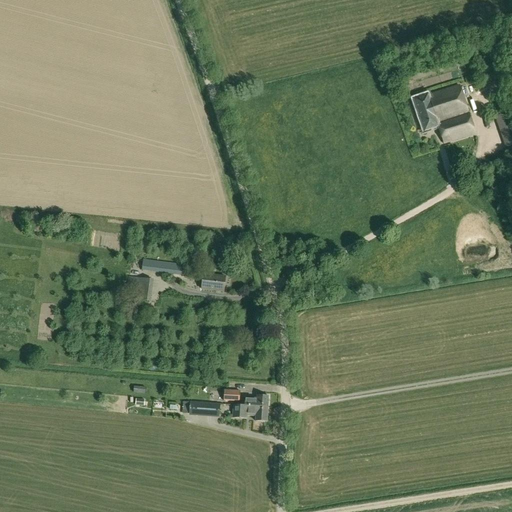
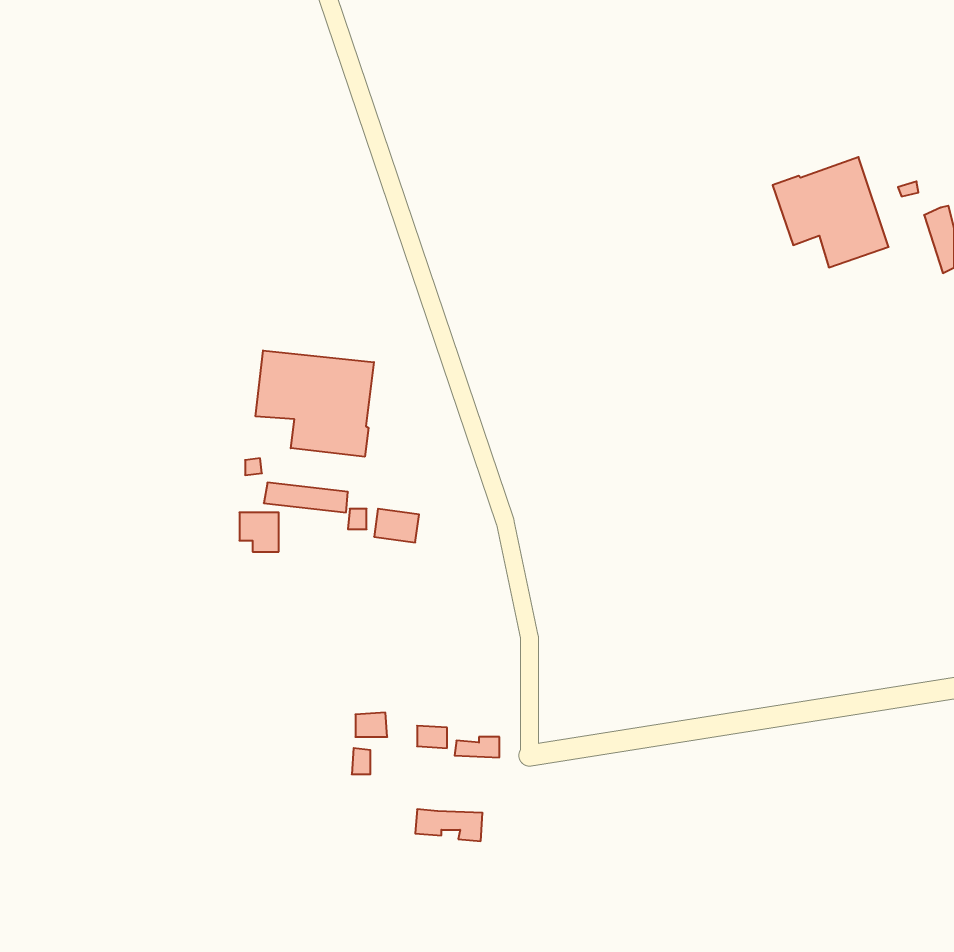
building: none -> [256,350,374,457]
building: [231,403,267,420] -> [415,809,483,841]

